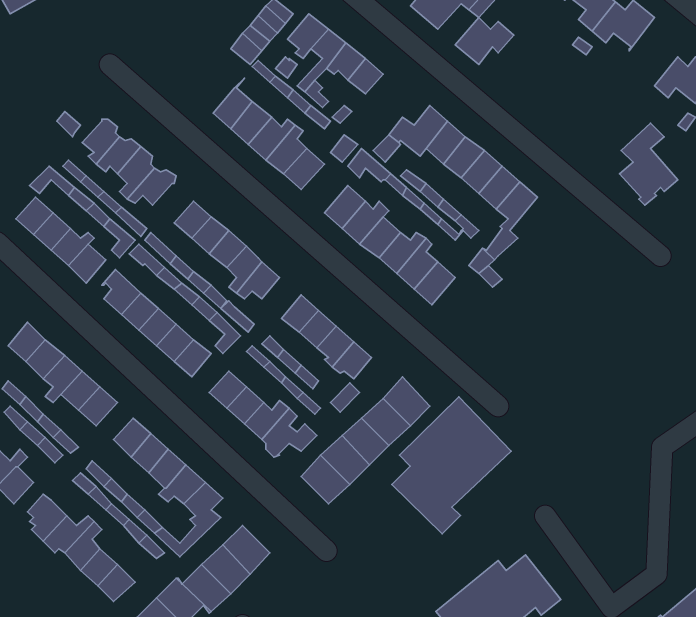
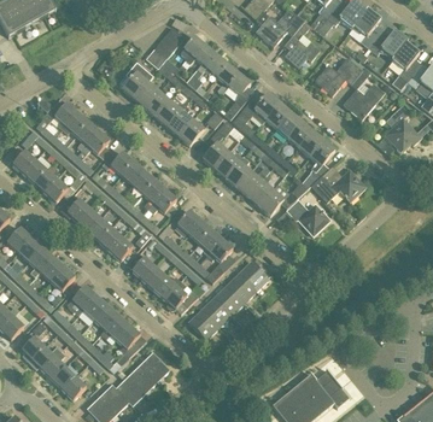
building: none -> [391,37,421,88]
building: none -> [314,57,362,94]
building: none -> [119,60,153,96]
building: none -> [223,72,252,118]
building: none -> [343,82,384,119]
building: none -> [310,164,364,200]
building: none -> [287,199,329,231]
building: [392,397,511,534] -> none

